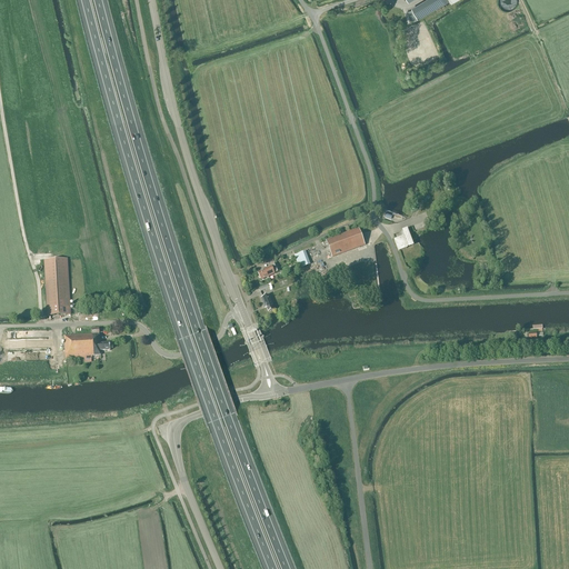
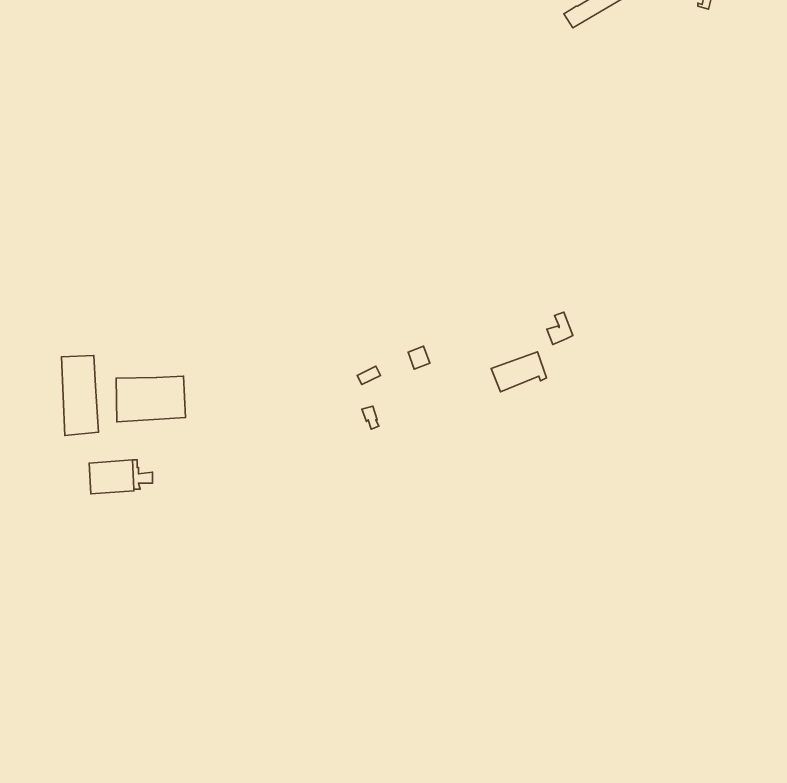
building: [326,227,366,256] -> [491,352,547,392]
building: none -> [116,376,186,422]

